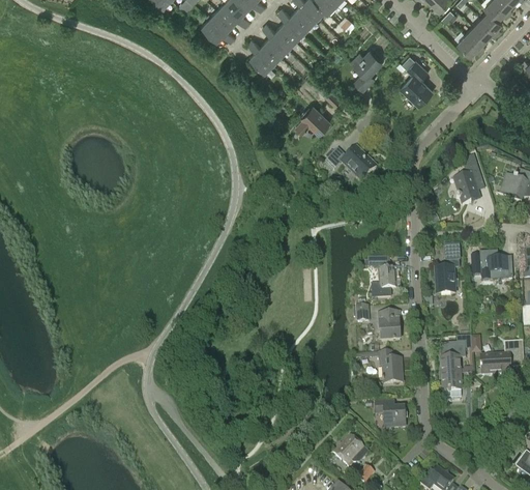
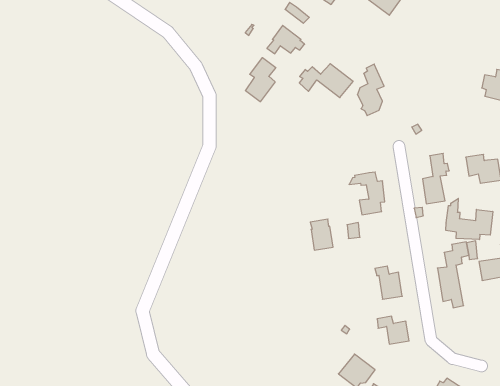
building: none -> [245,58,276,102]
building: [454,156,481,206] -> [357,64,384,116]
building: none -> [446,198,493,240]
building: [380,313,400,342] -> [310,219,333,250]

